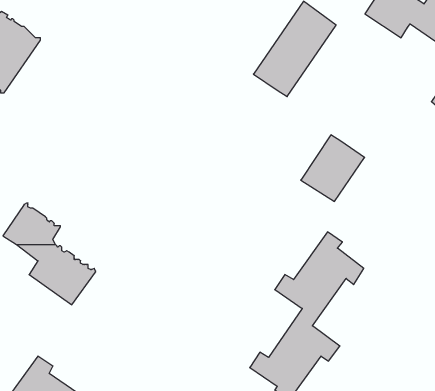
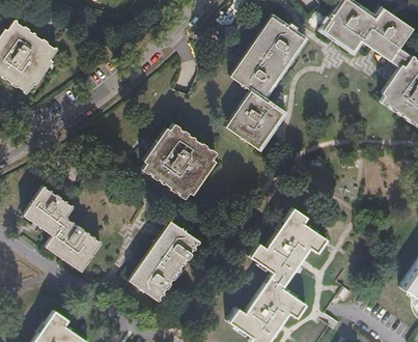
building: none -> [142,123,216,199]
building: [301,135,365,201] -> [227,91,280,146]
building: none -> [132,222,199,301]

